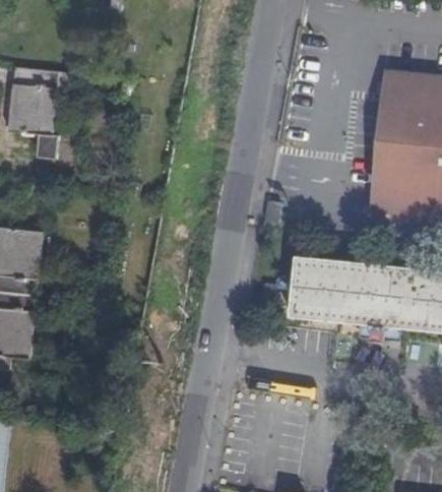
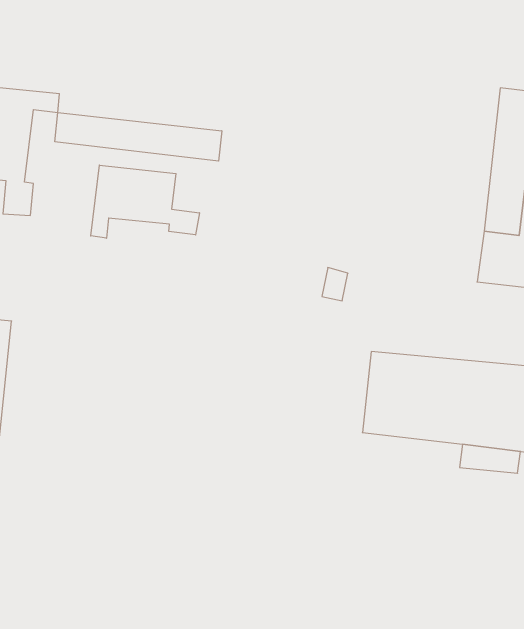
building: none -> [55,113,222,161]
building: none -> [91,165,199,238]

